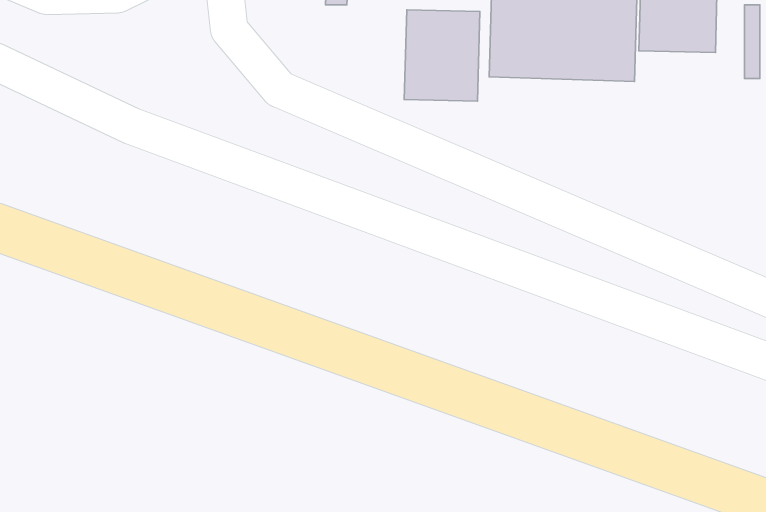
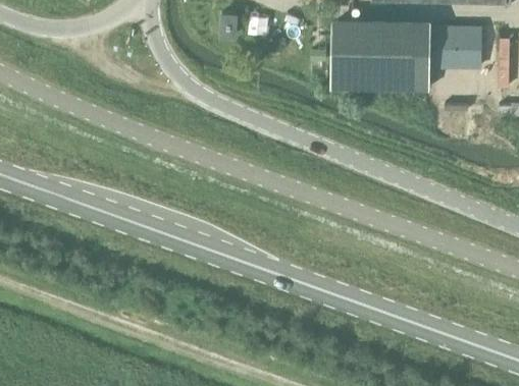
building: [404,10,480,101] -> none

